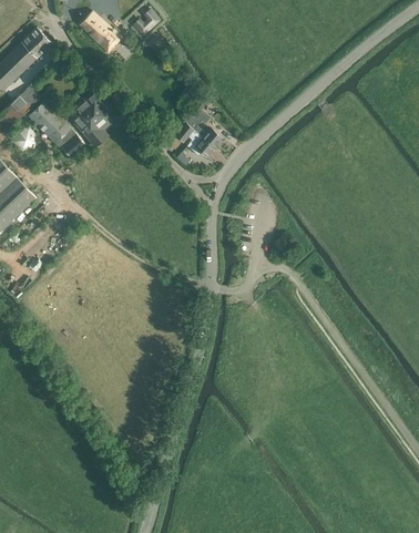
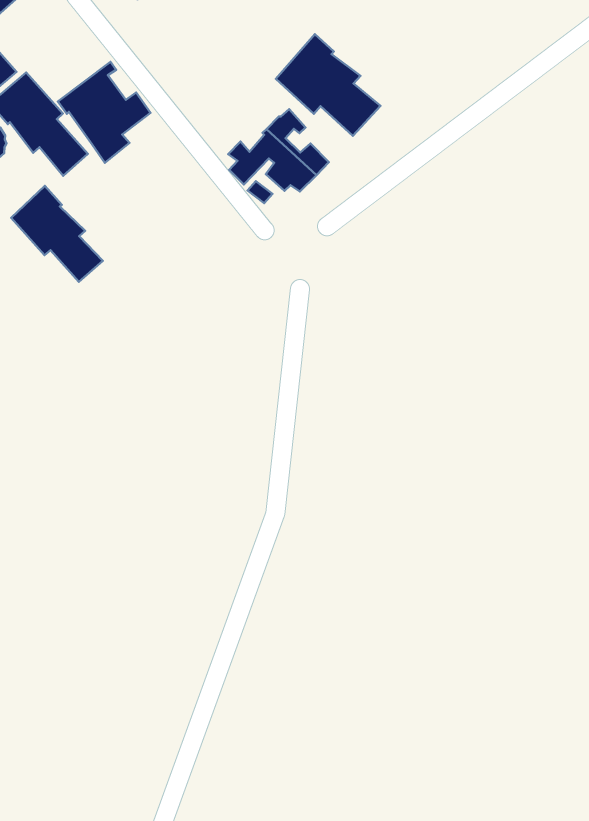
building: none -> [276,34,380,136]
building: none -> [11,186,103,282]

